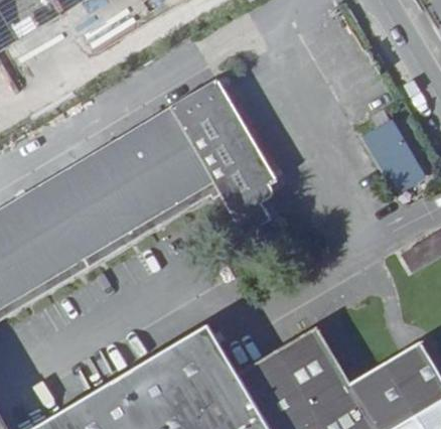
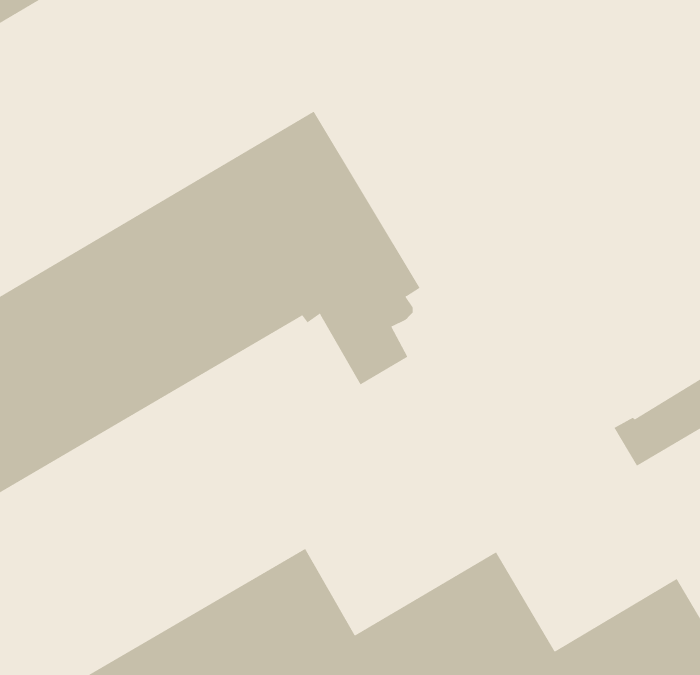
building: [363,109,419,191] -> none

